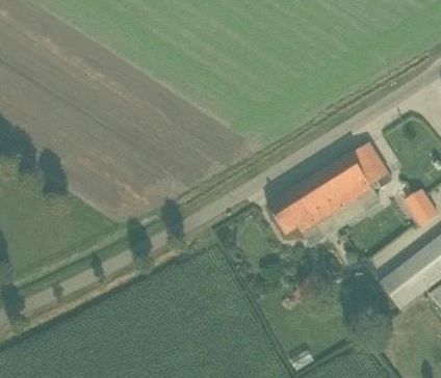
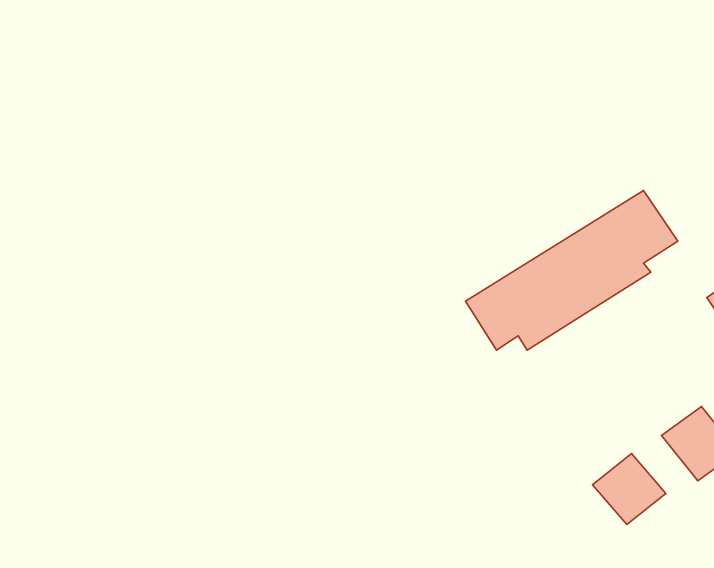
building: none -> [593,454,666,525]

